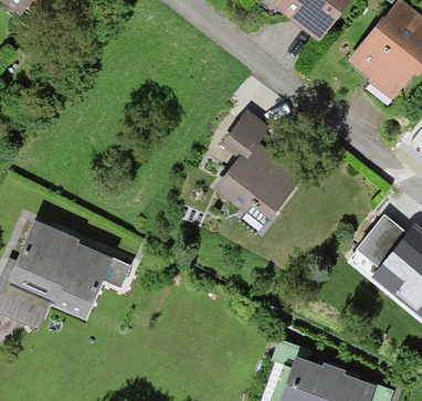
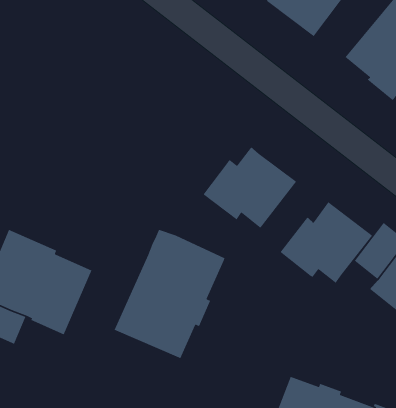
building: [220,110,271,160] -> none
building: none -> [280,201,373,284]
building: none -> [114,229,225,359]

